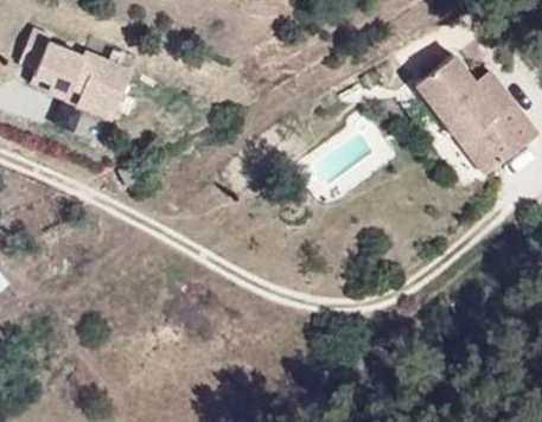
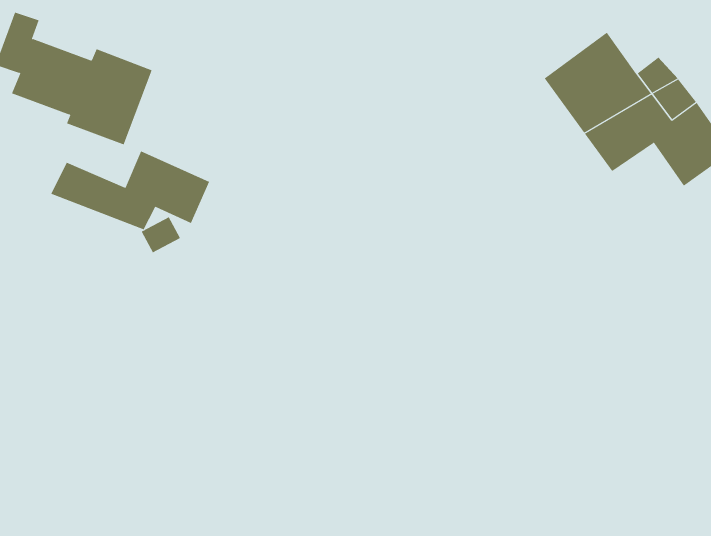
building: [457,122,508,173] -> none
building: none -> [50,150,210,230]

